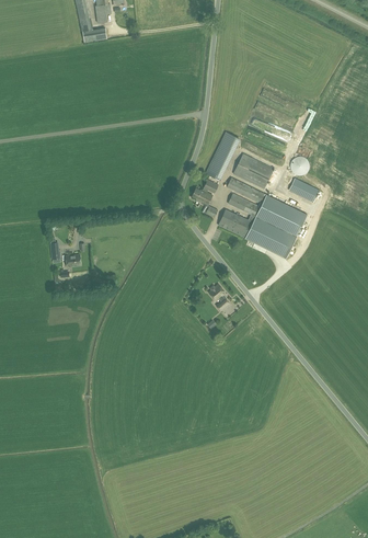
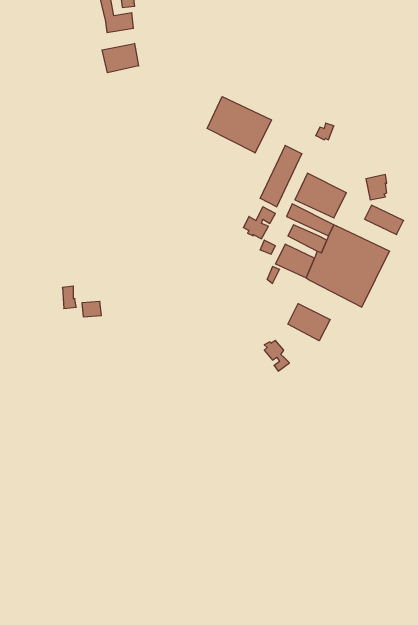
building: none -> [102,43,139,73]
building: none -> [207,97,272,153]
building: none -> [288,304,330,341]

